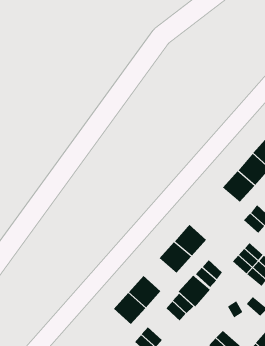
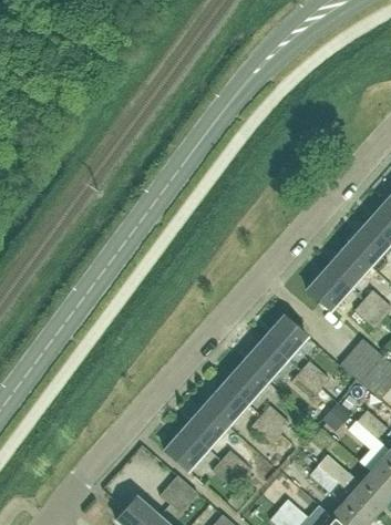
building: none -> [307,268,350,311]
building: [178,275,211,308] -> [224,361,267,404]
building: none -> [164,428,207,471]

